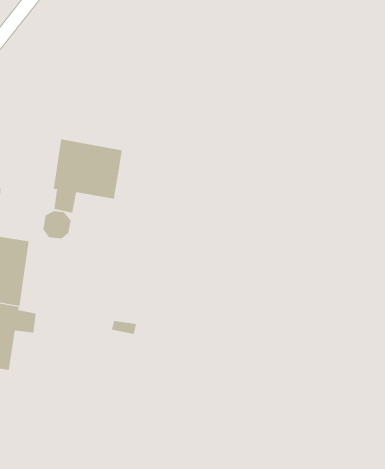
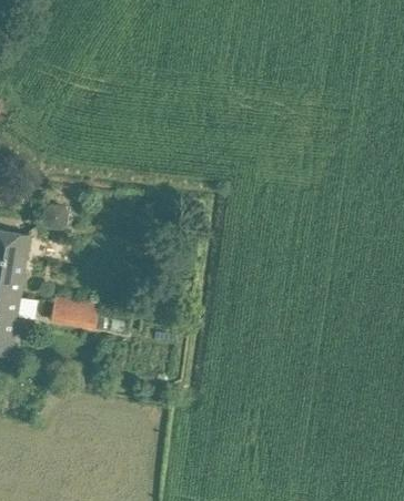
building: [53,138,122,214] -> none
building: none -> [52,298,100,330]

